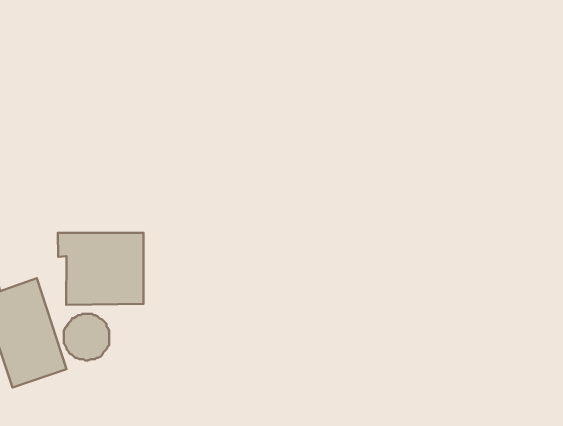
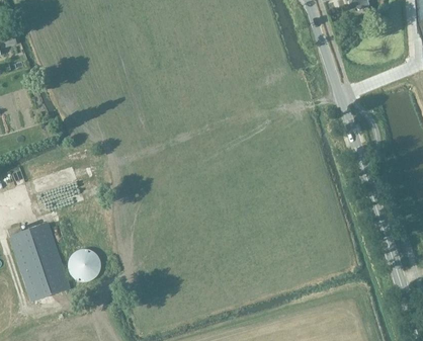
building: [58,233,144,305] -> none

